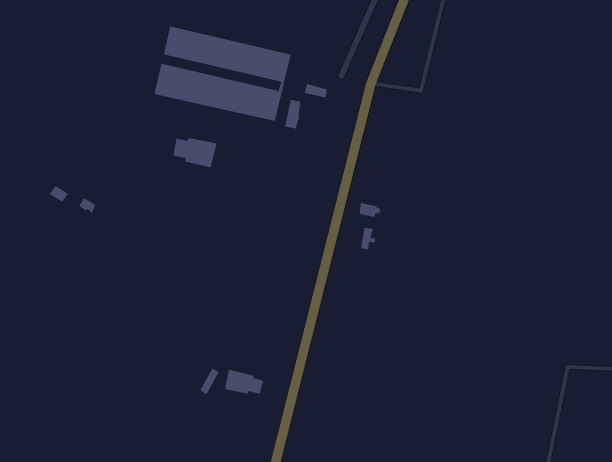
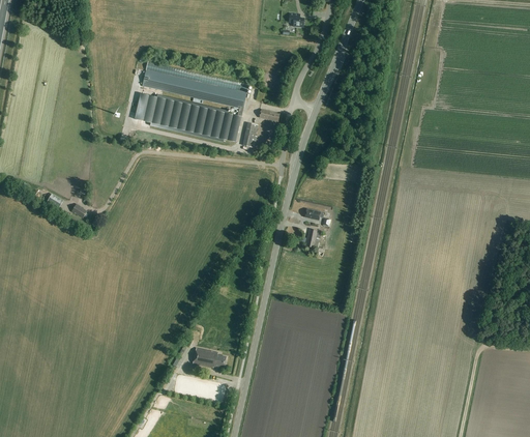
building: [173,137,217,168] -> none

